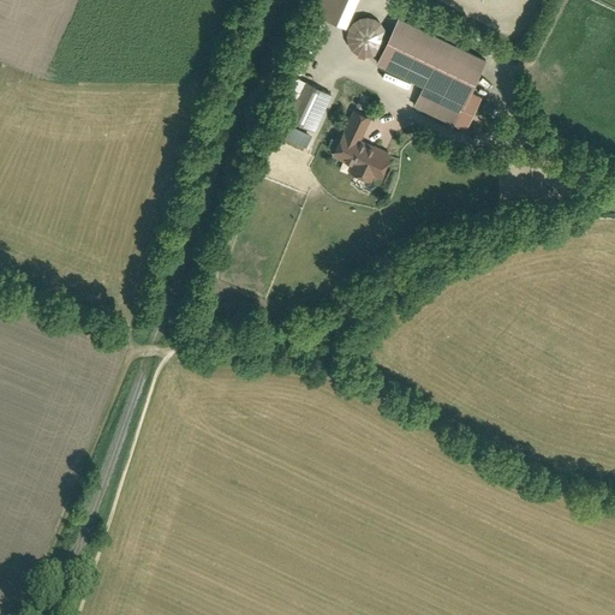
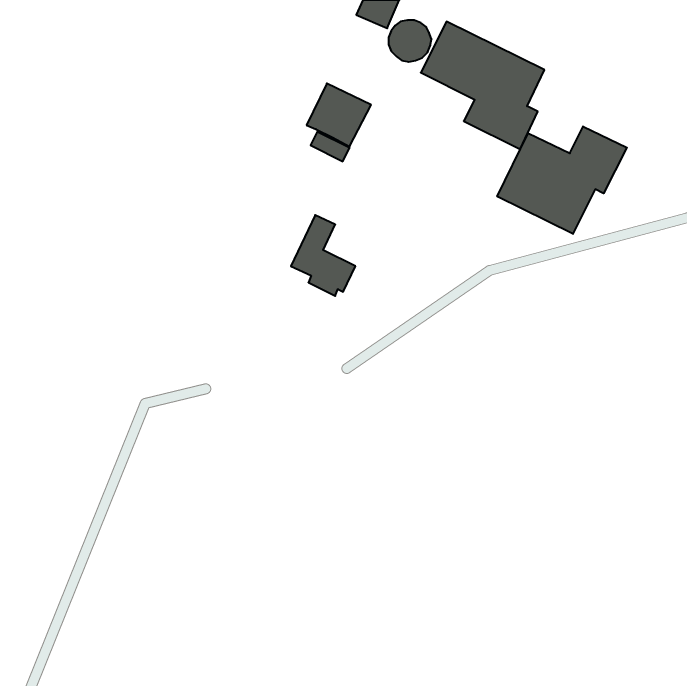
building: [330,109,388,181] -> [291,215,355,296]
building: none -> [497,126,627,234]

